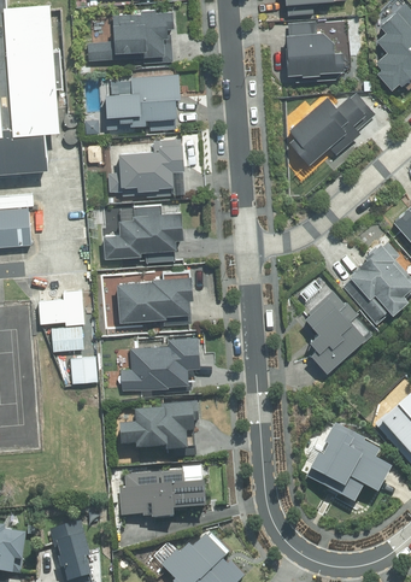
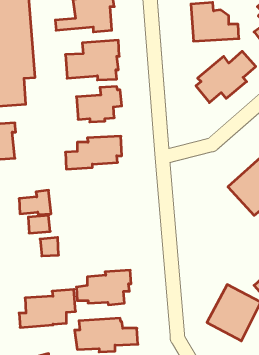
building: [116,275,195,325] -> none
building: [304,289,371,371] -> none
building: [121,335,201,389] -> [19,289,76,327]

